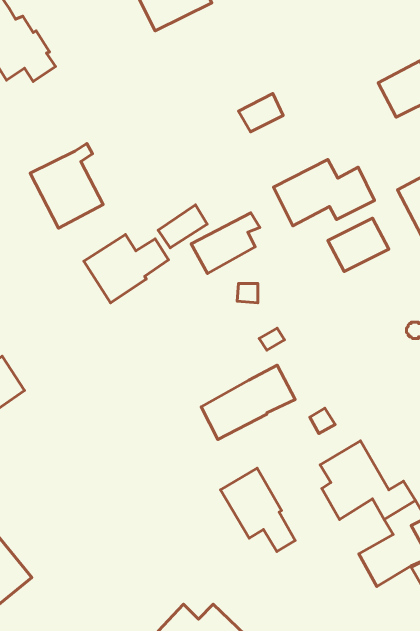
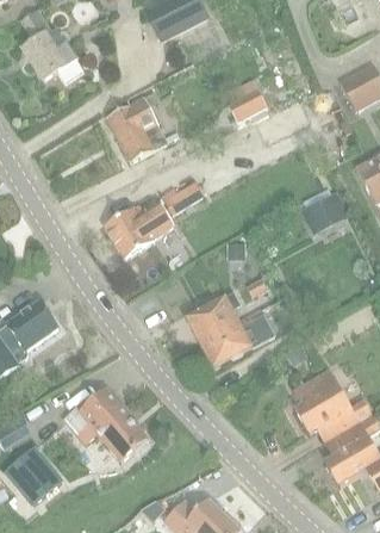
building: [30,144,103,228] -> [108,92,167,160]
building: [273,160,375,226] -> none
building: [191,213,260,274] -> [186,292,241,341]
building: none -> [76,388,147,460]
building: [221,468,295,551] -> none

